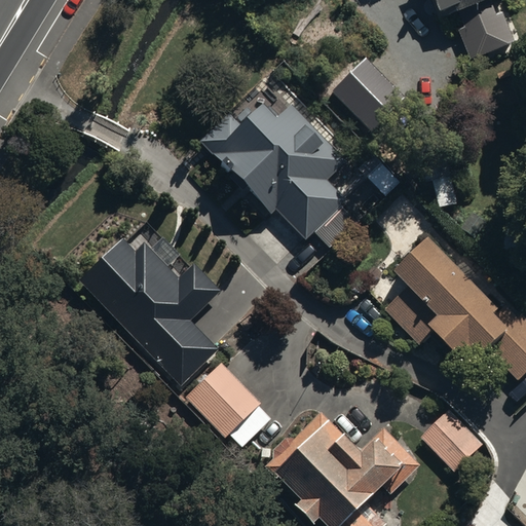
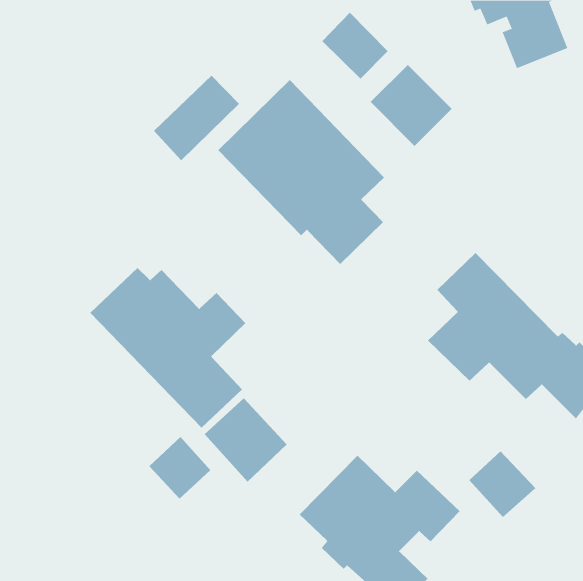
building: none -> [322,12,389,79]
building: none -> [153,75,240,161]
building: none -> [148,436,211,499]

